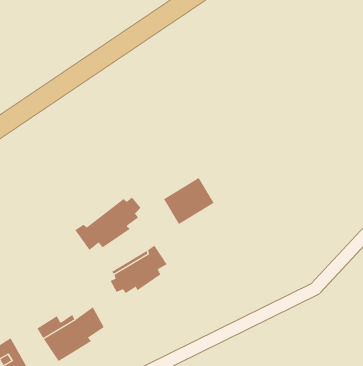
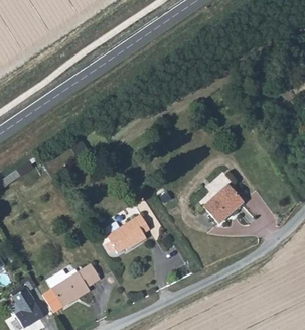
building: [163,177,214,225] -> [203,185,244,222]
building: [75,197,141,251] -> none

